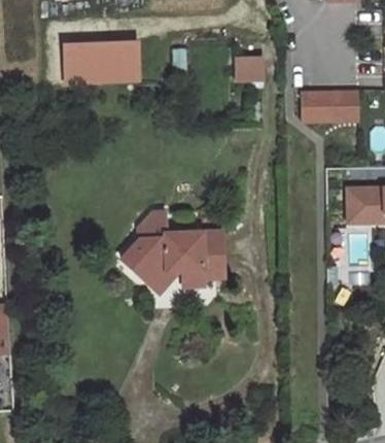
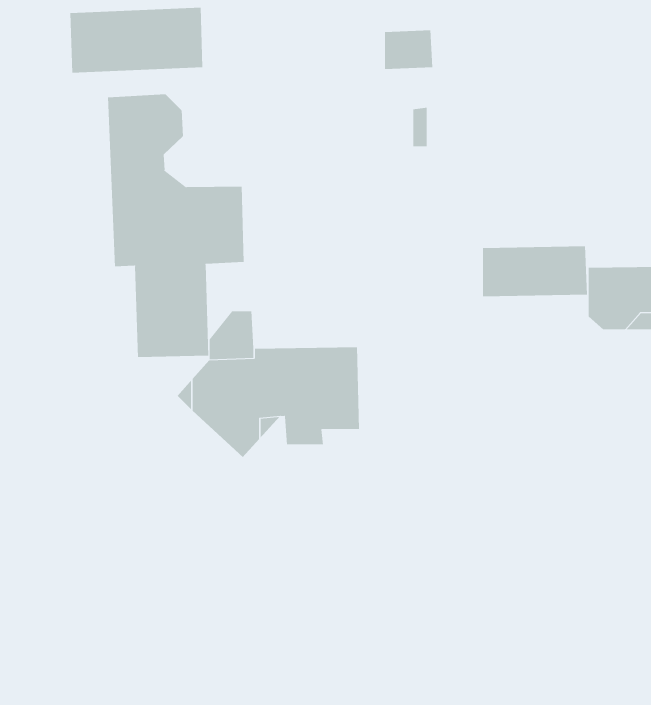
building: [301,92,358,120] -> [482,246,588,297]
building: none -> [107,94,244,358]

